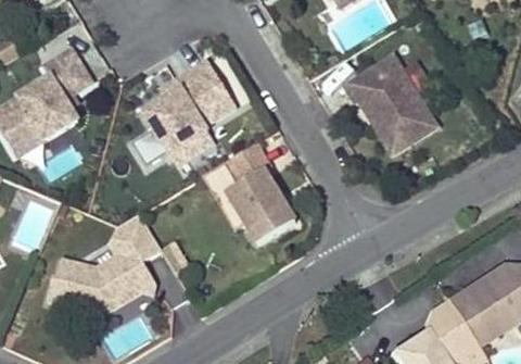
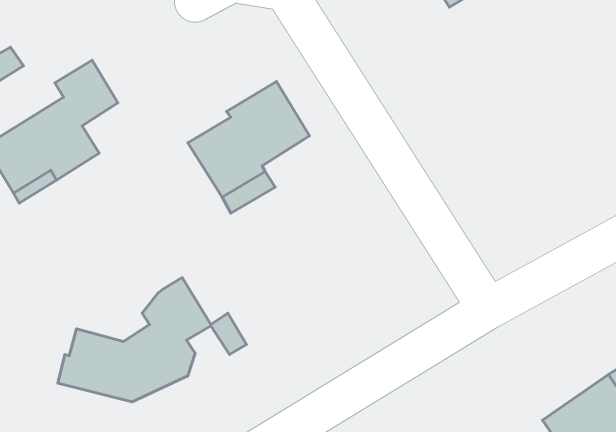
building: [345,55,437,154] -> none
building: [225,143,293,241] -> none

